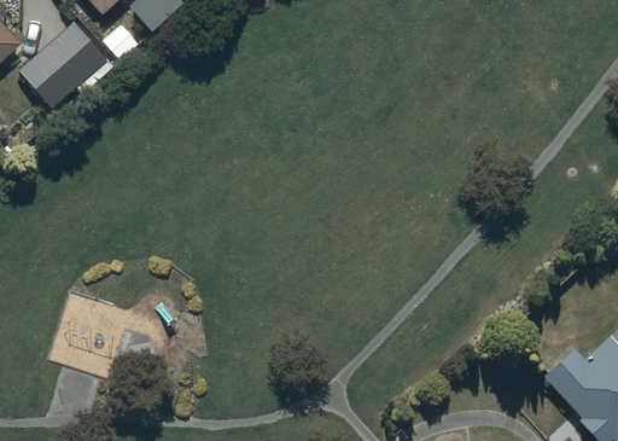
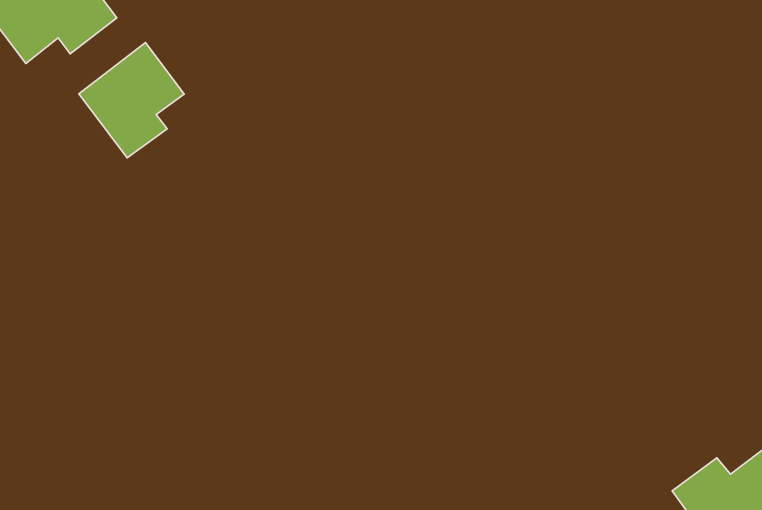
building: none -> [79,43,184,158]

